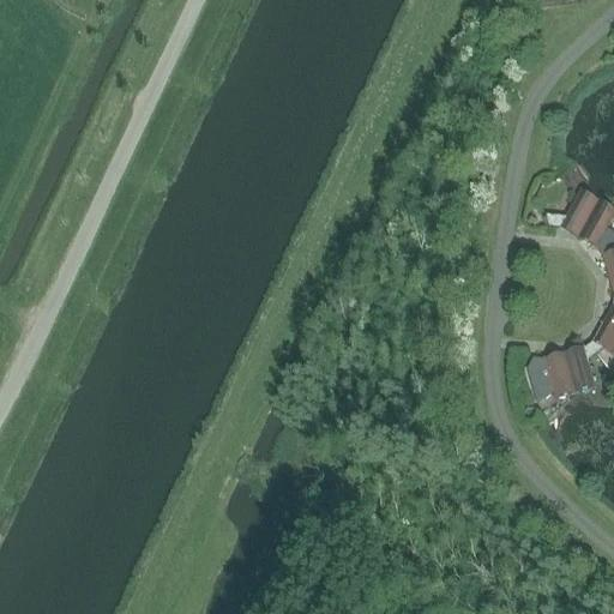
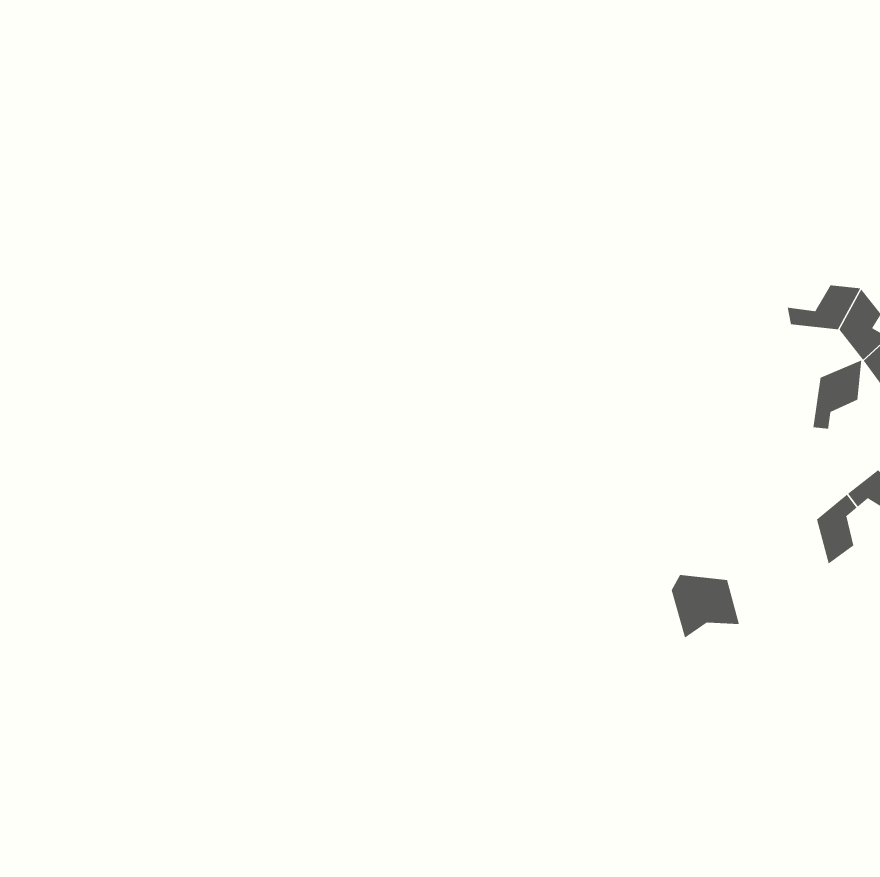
building: none -> [813,360,862,430]
building: [529,357,577,402] -> [671,575,740,638]

